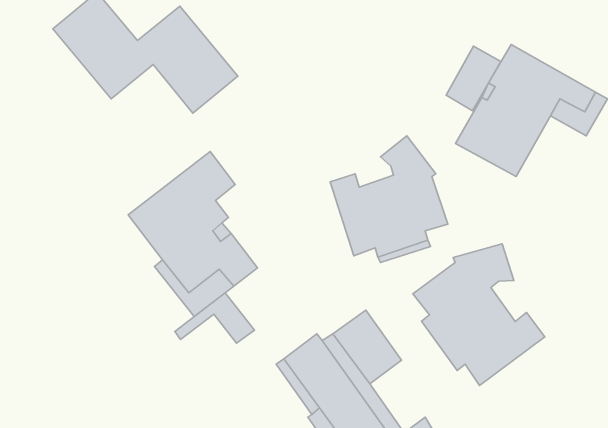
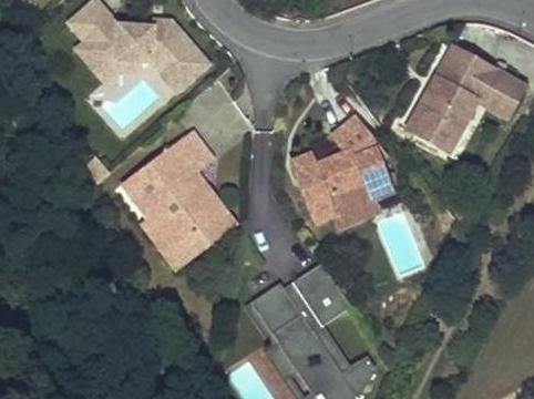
building: [446,46,501,111] -> none
building: [413,244,545,386] -> none
building: [175,293,254,343] -> none

